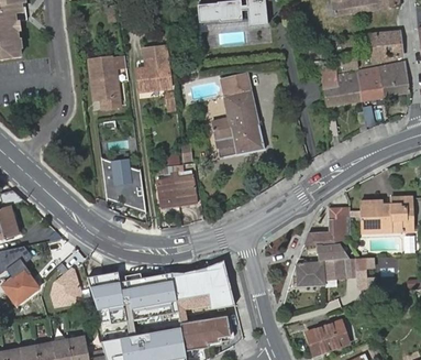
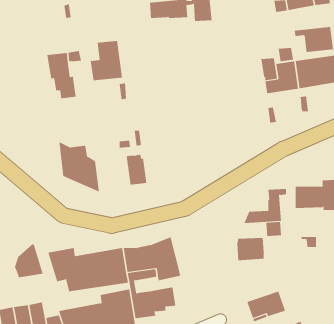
building: [212,73,264,159] -> none
building: [156,173,178,208] -> none
building: [324,259,357,279] -> none

